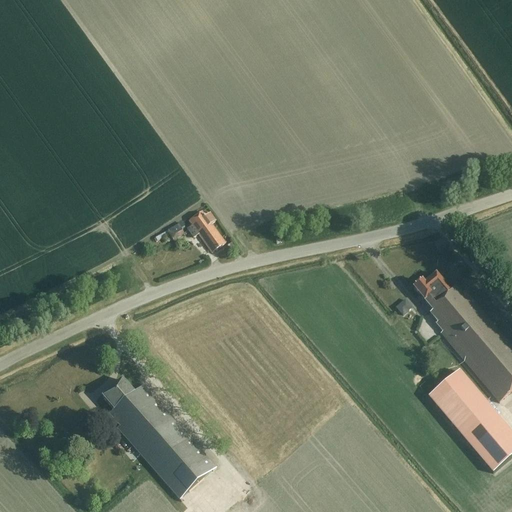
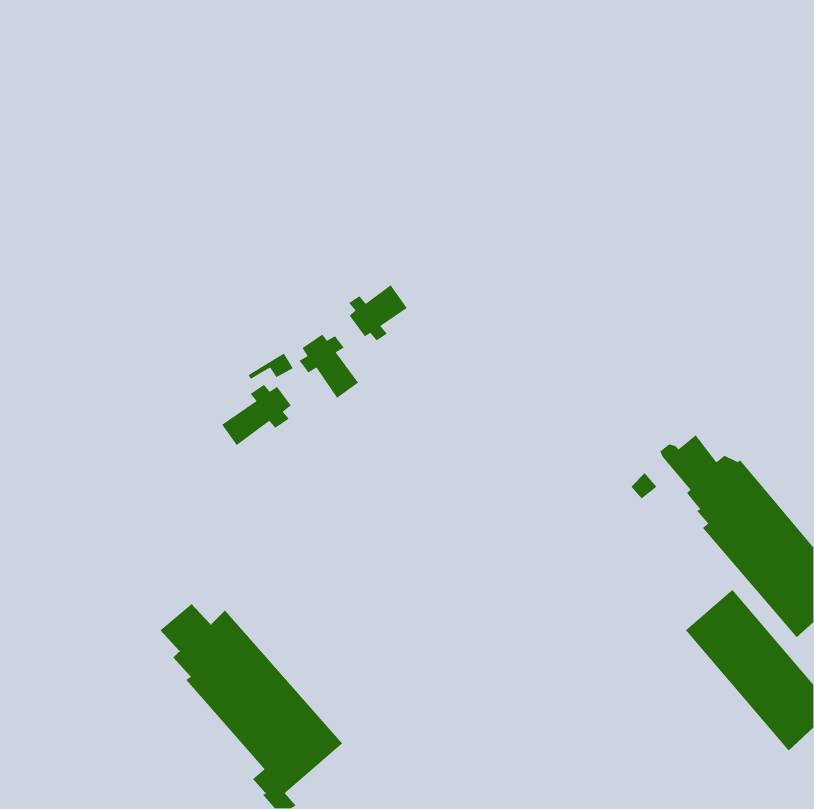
building: none -> [348,284,408,342]
building: none -> [221,384,292,446]

